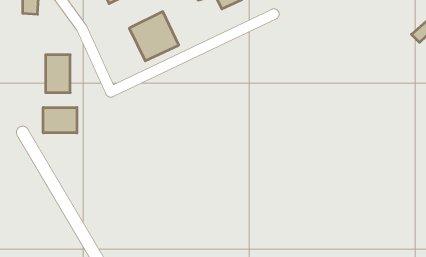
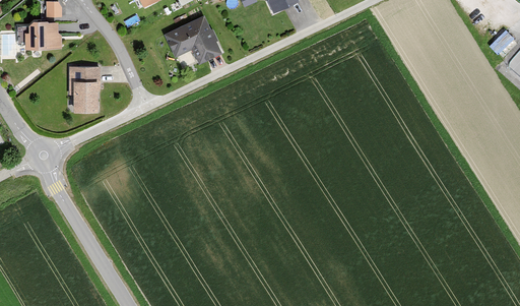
building: none -> [22,21,61,48]
building: [43,107,77,133] -> none

